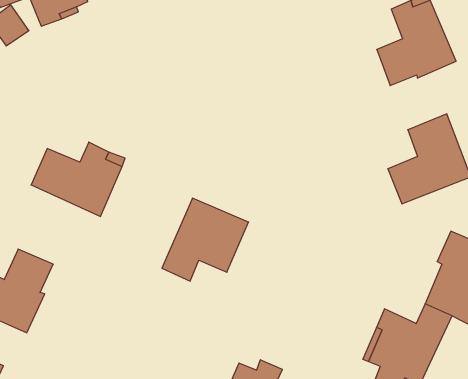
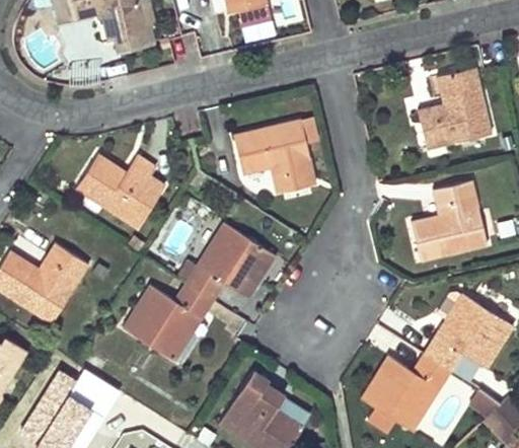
building: none -> [234,122,317,193]
building: none -> [124,284,211,366]

